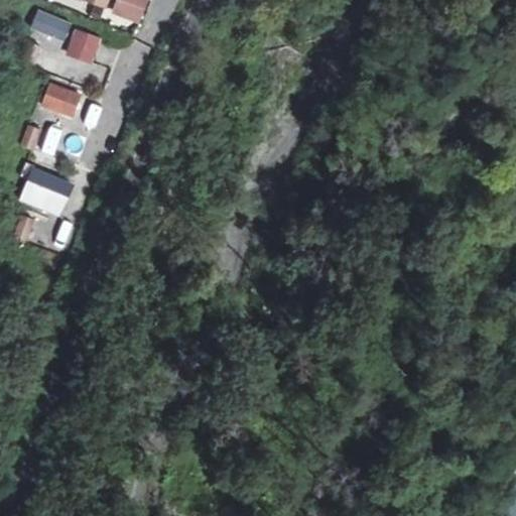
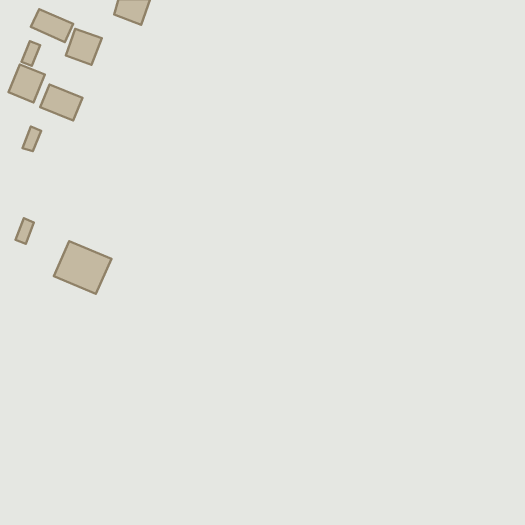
building: none -> [8,64,45,102]
building: [18,166,75,218] -> [54,241,111,294]

